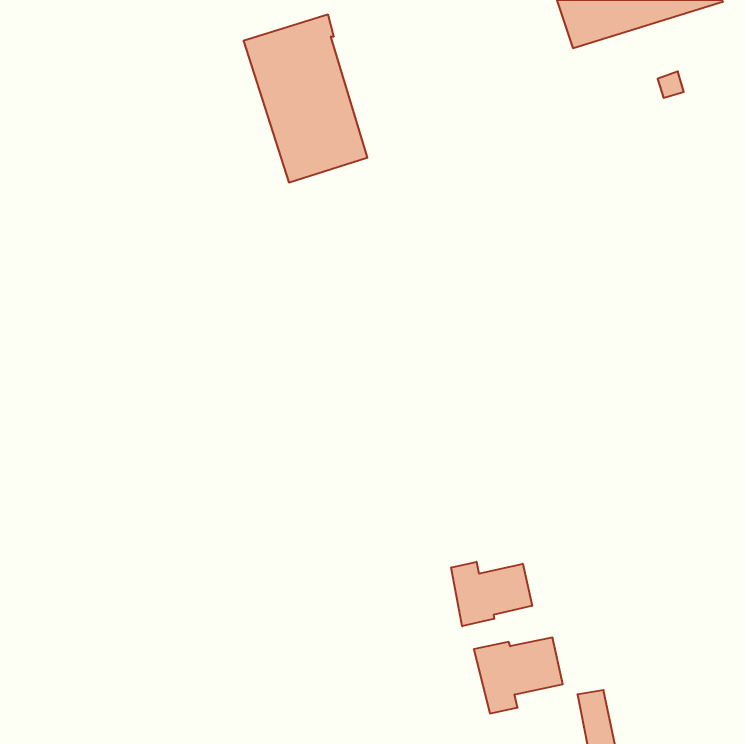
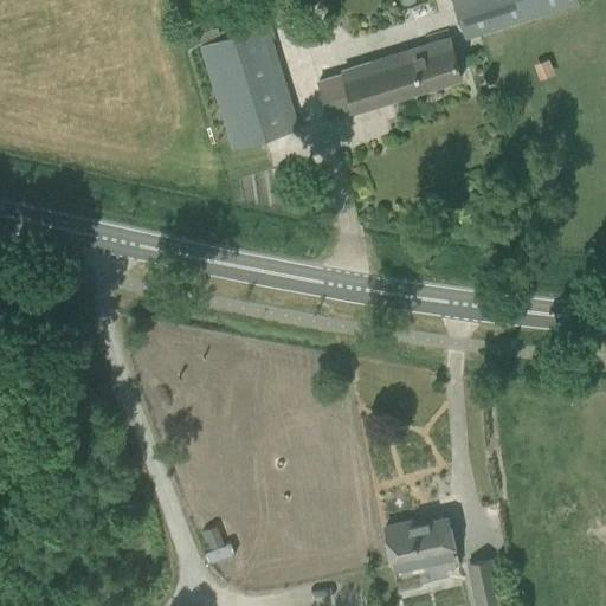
building: none -> [318,39,463,120]
building: [451,562,532,626] -> none

